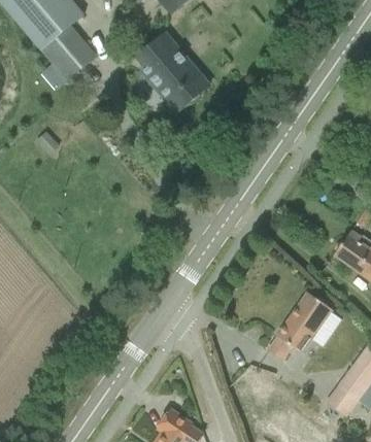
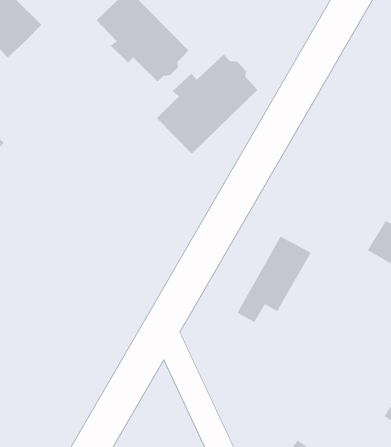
building: none -> [156,54,258,154]
building: [268,292,331,359] -> [237,235,312,323]

